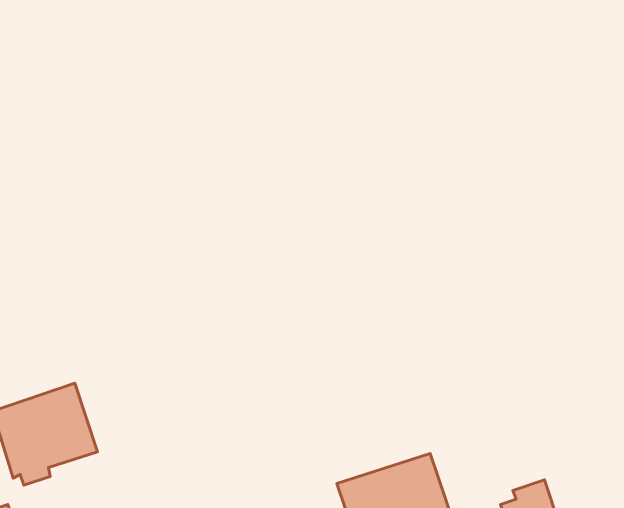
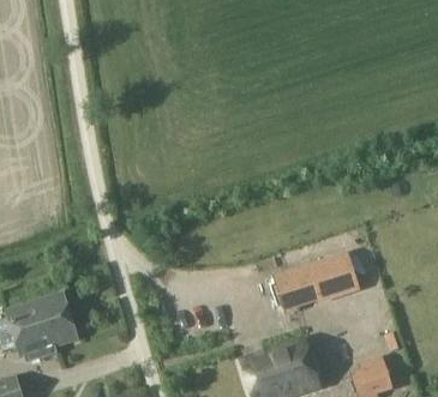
building: none -> [274,254,358,309]

